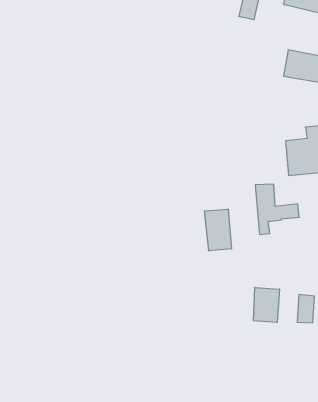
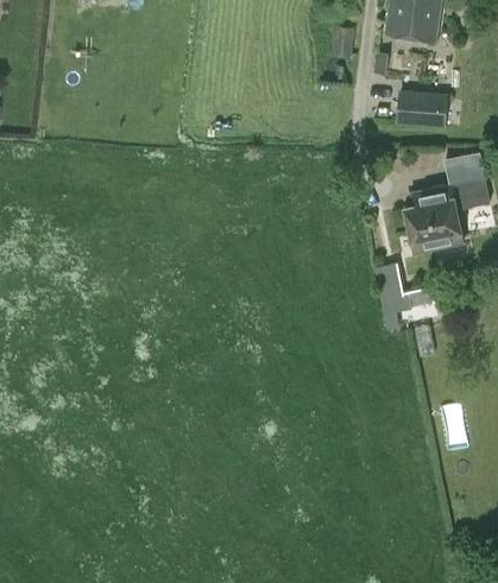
building: [205,209,232,251] -> none
building: [253,287,279,322] -> none

